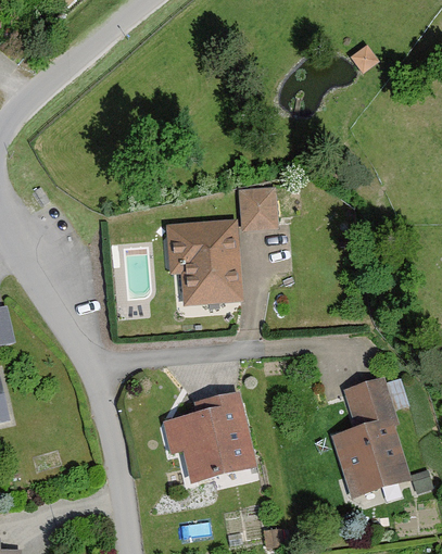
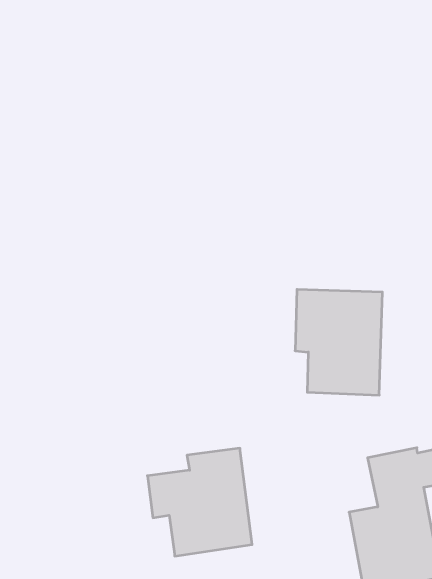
building: [240,187,277,231] -> none
building: [167,218,242,305] -> [295,289,382,395]

